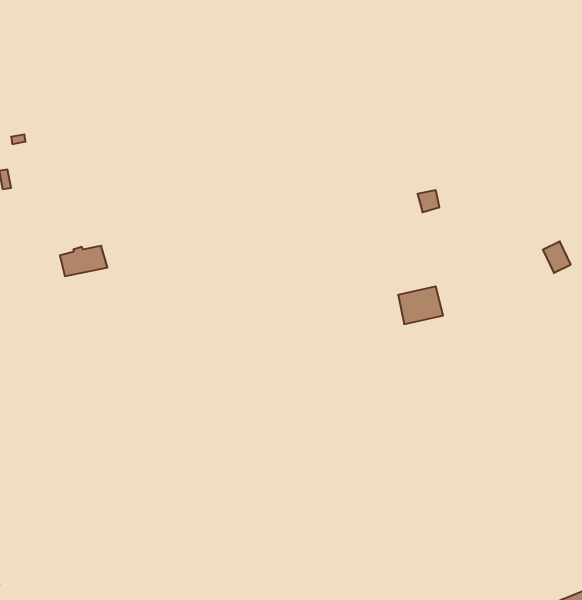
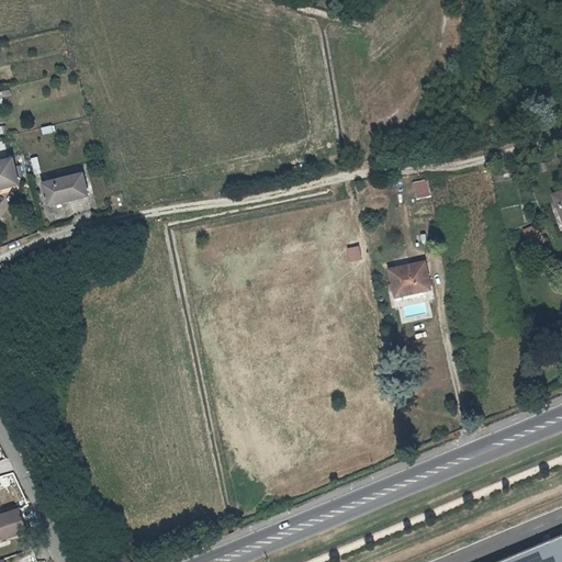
building: [60,246,107,276] -> [44,175,87,202]

